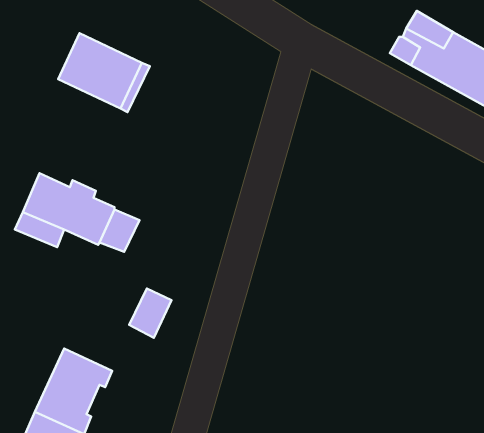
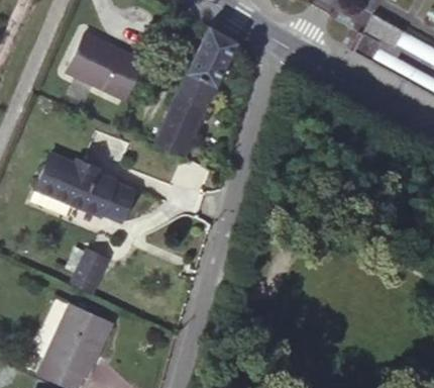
building: none -> [154,25,236,158]
building: [129,289,172,338] -> [72,251,108,293]

